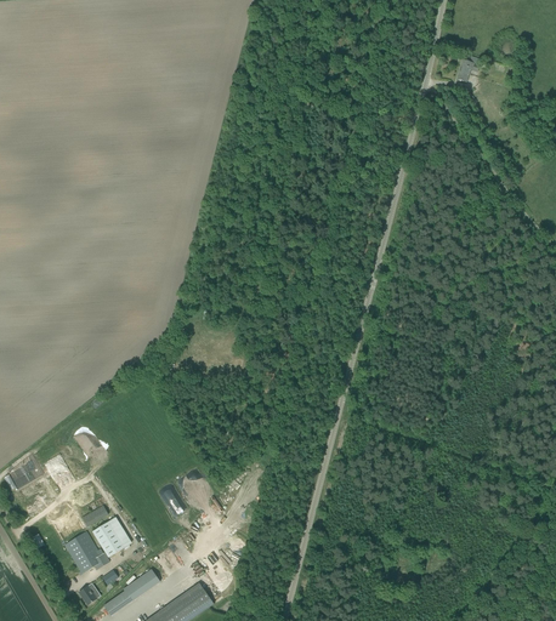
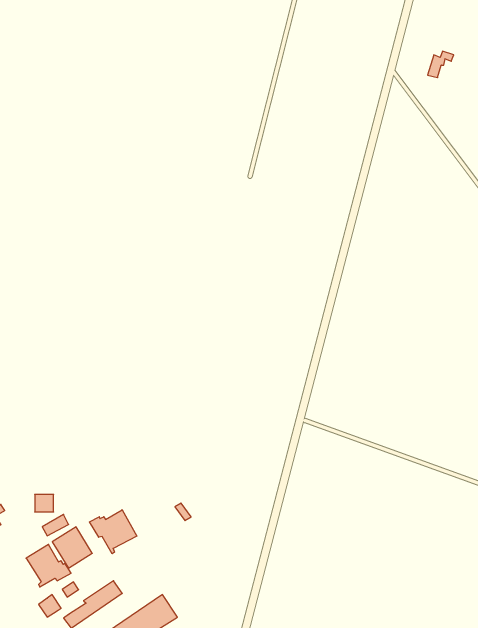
building: none -> [89,510,137,554]

